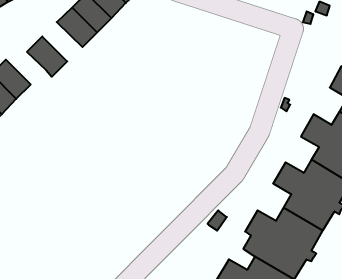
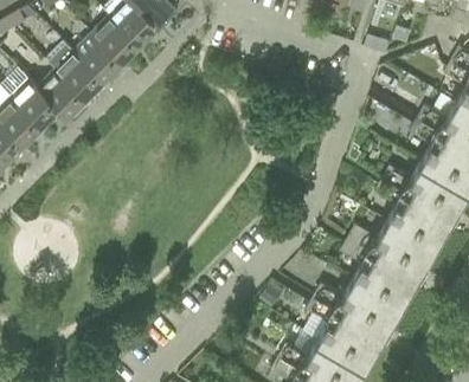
building: none -> [46,41,105,99]
building: none -> [11,79,60,128]

